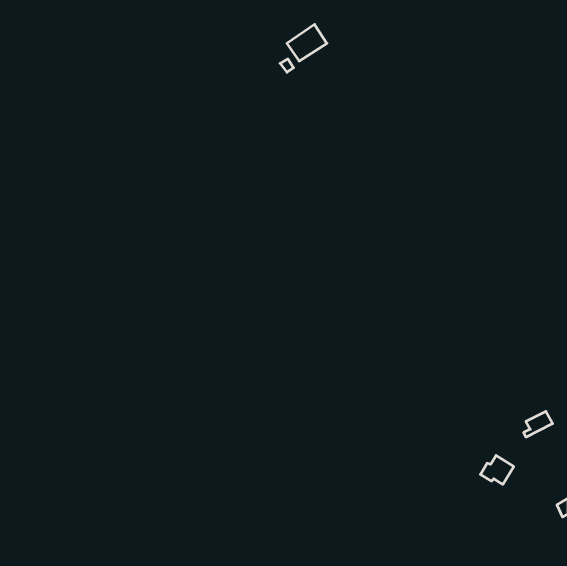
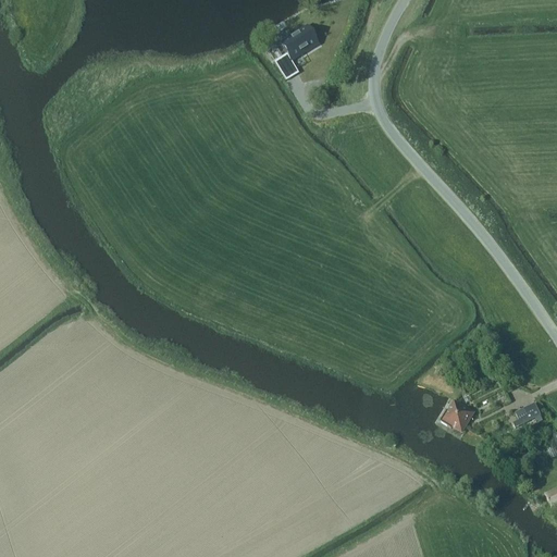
building: [480,455,514,484] -> [441,403,473,431]

